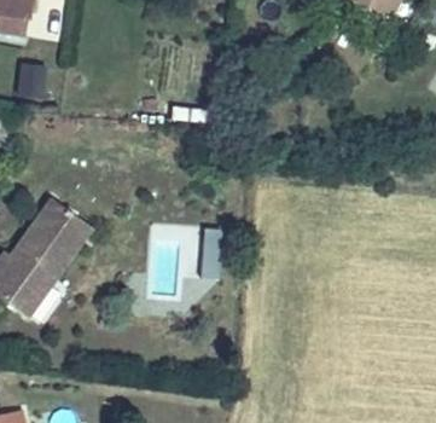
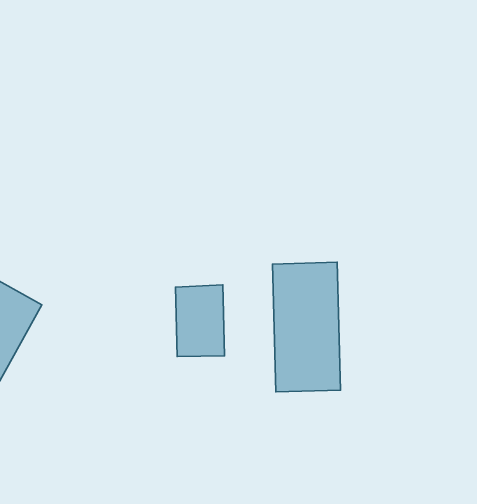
building: none -> [272,262,340,392]

